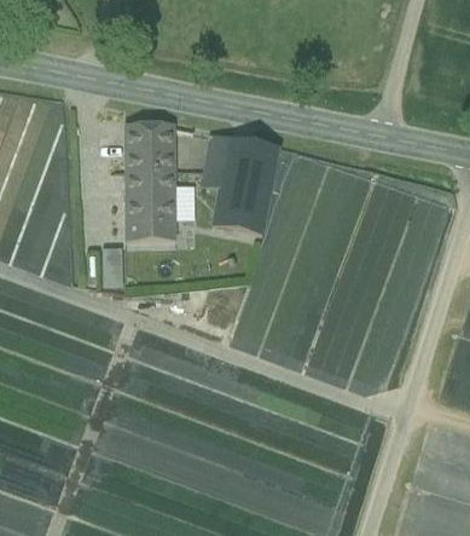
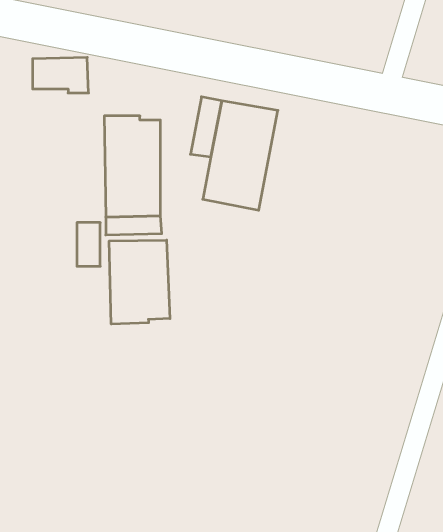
building: [126,119,175,150] -> [33,57,89,93]
building: none -> [109,240,170,324]

